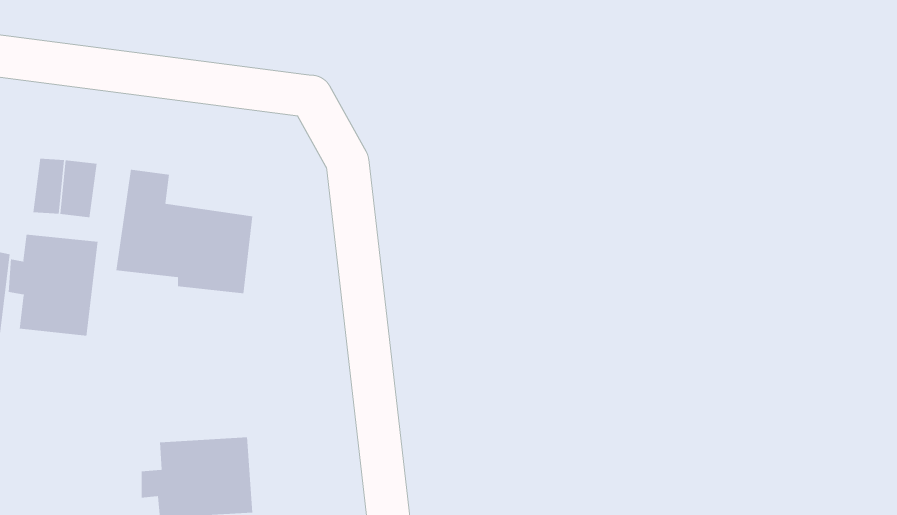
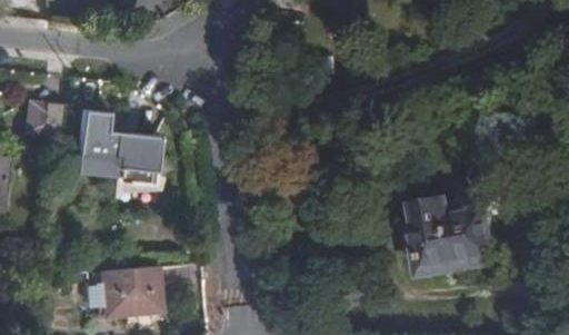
building: [8,234,98,337] -> none
building: none -> [413,195,497,272]

